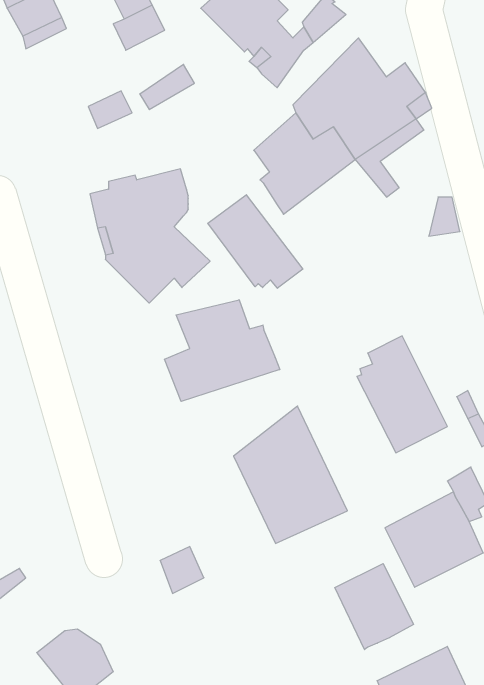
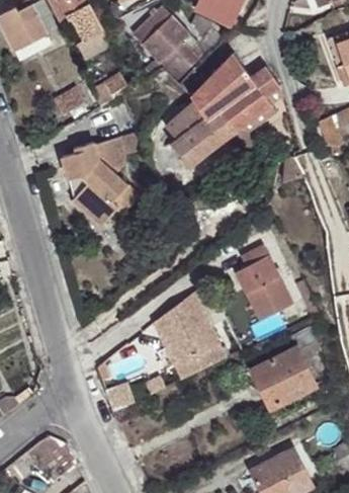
building: [208,195,303,288] -> none
building: [165,300,280,401] -> none
building: [335,564,413,650] -> none

